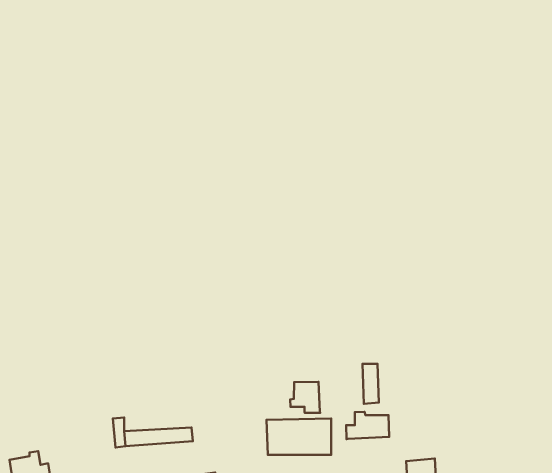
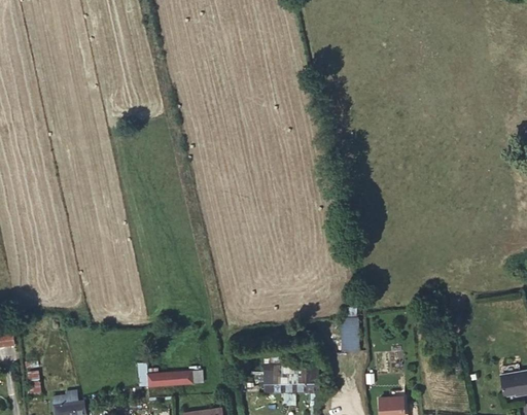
building: [290,382,320,413] -> none
building: [346,412,389,439] -> none

